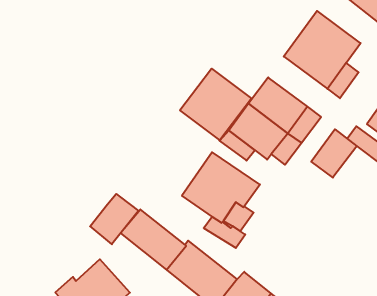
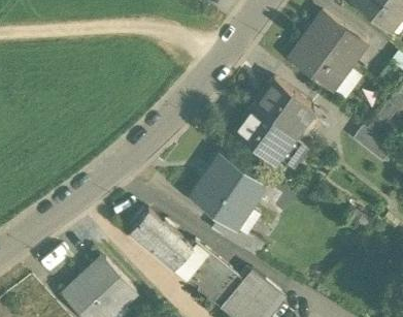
building: [180,69,252,140] -> none
building: [311,129,357,178] -> none
building: [90,194,138,244] -> none

